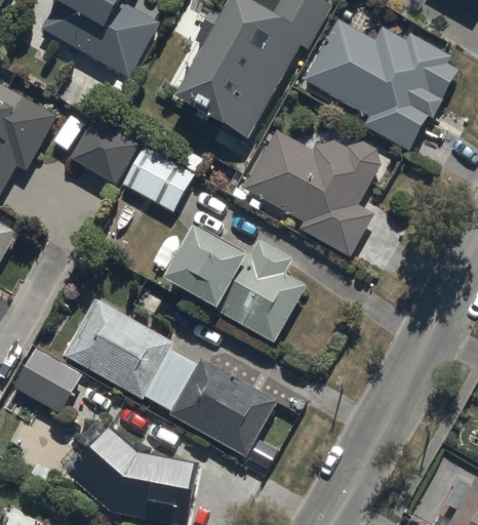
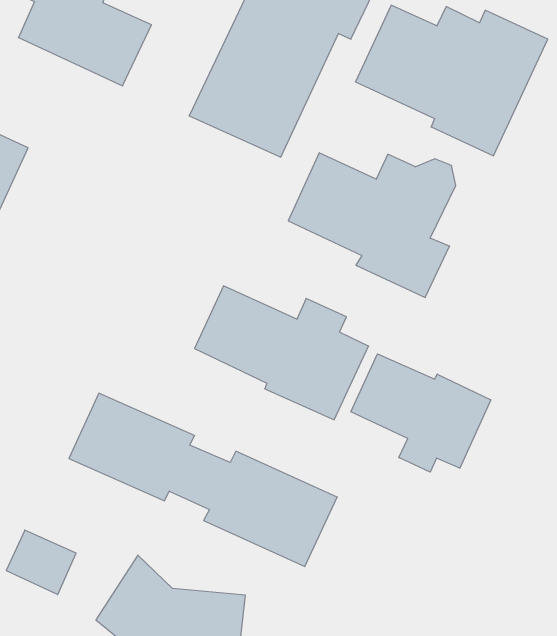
building: [76,125,134,180] -> none
building: [126,150,190,208] -> none
building: none -> [351,354,491,472]
building: [23,354,77,405] -> [6,530,76,595]

